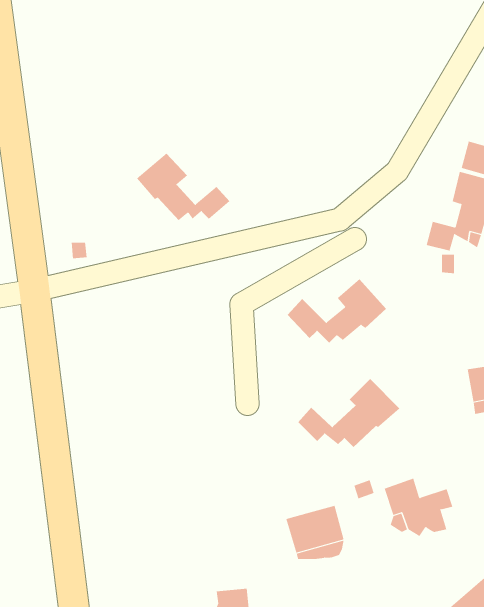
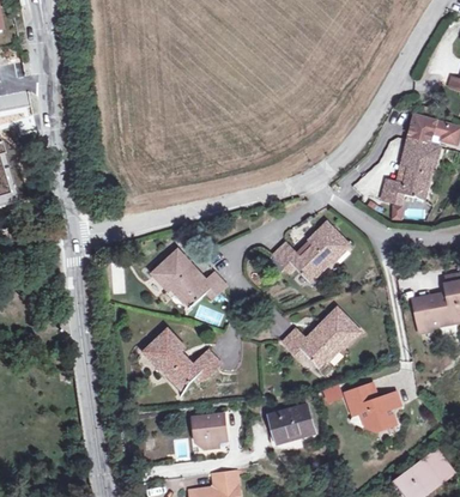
building: [136,153,230,221] -> [151,254,225,308]
building: none -> [143,332,217,386]
building: none -> [194,413,226,449]

